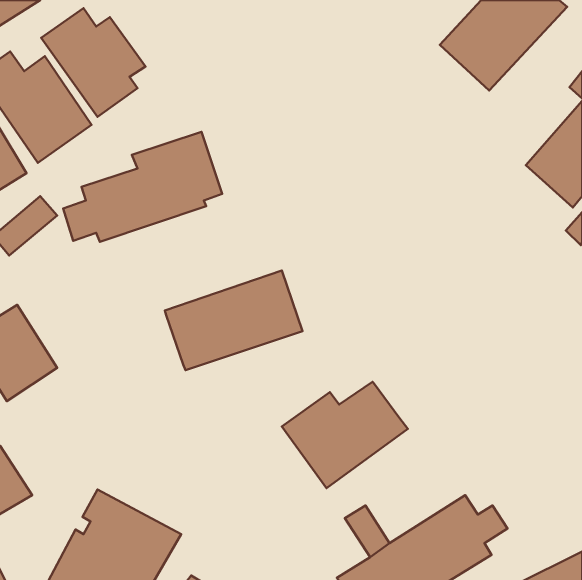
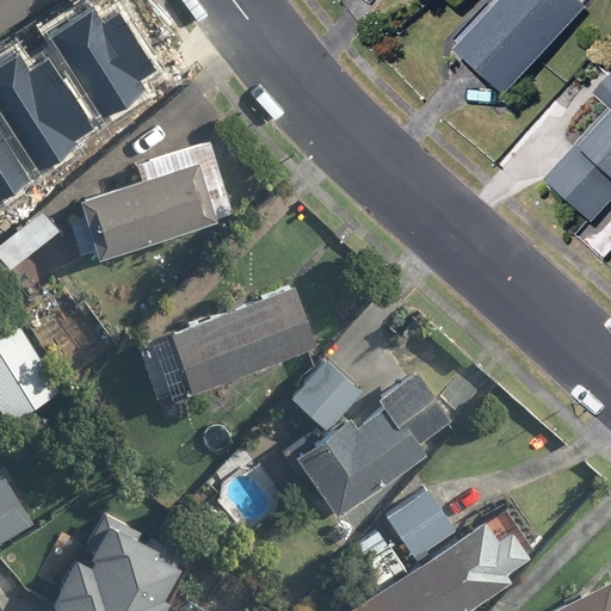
building: none -> [136,334,191,399]
building: none -> [291,362,359,428]
building: none -> [383,372,449,442]
building: none -> [384,488,455,560]

